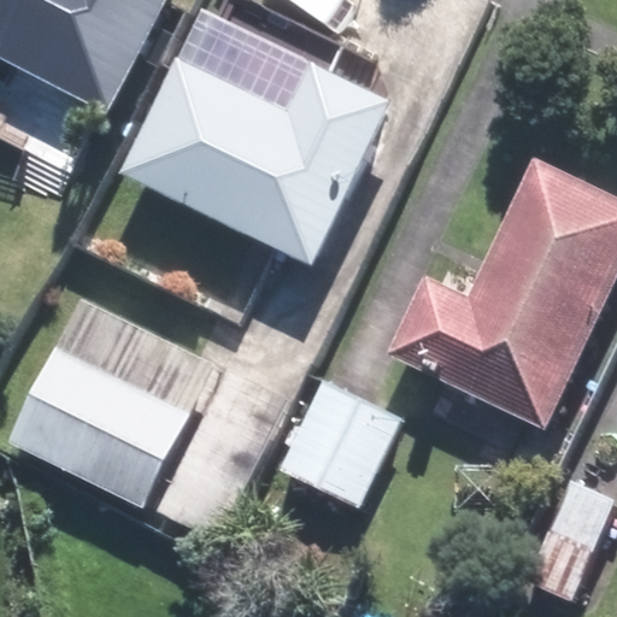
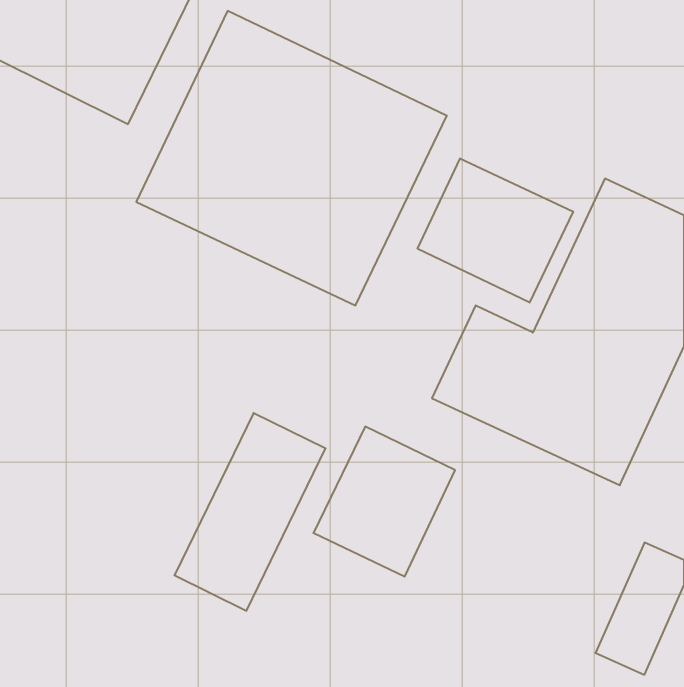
building: none -> [418,158,573,303]
building: [8,298,210,507] -> none

